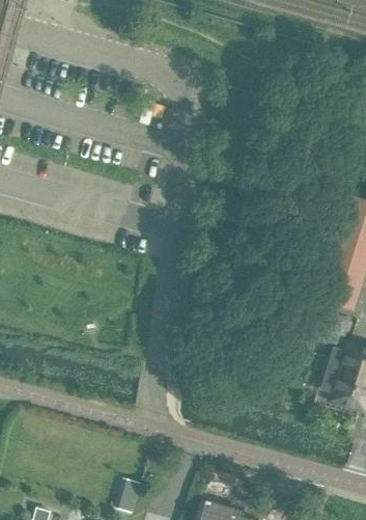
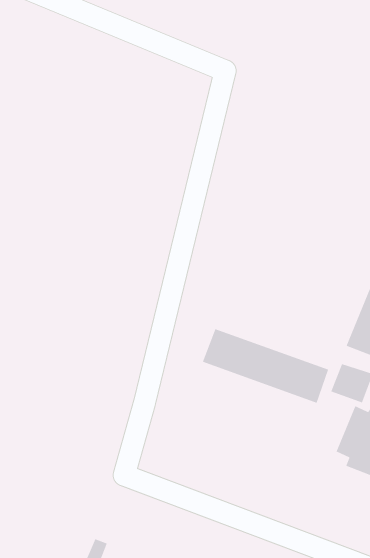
building: none -> [202,328,329,404]

